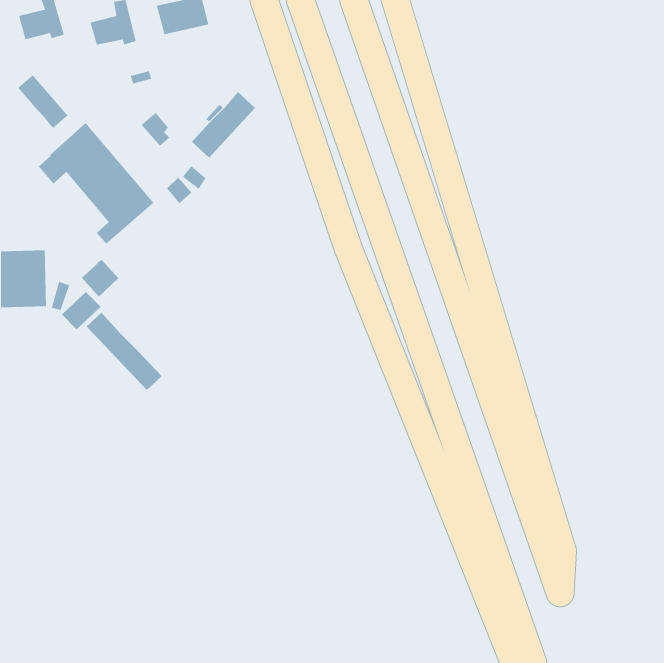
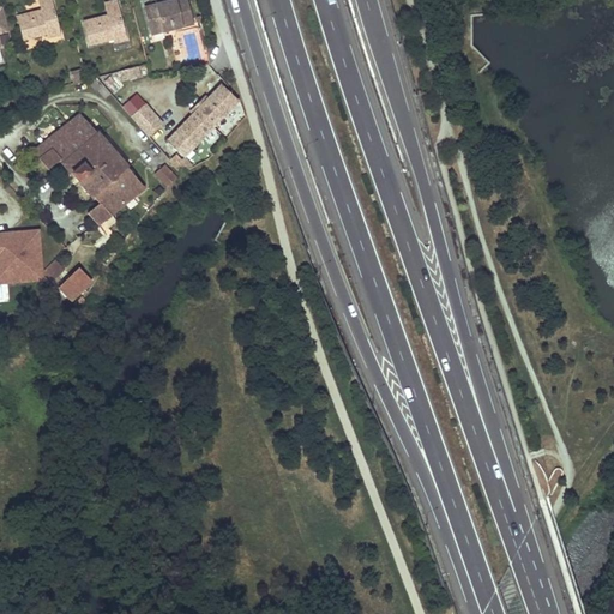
building: [17,74,68,129] -> none
building: [81,259,119,297] -> none
building: [86,312,162,391] -> none

